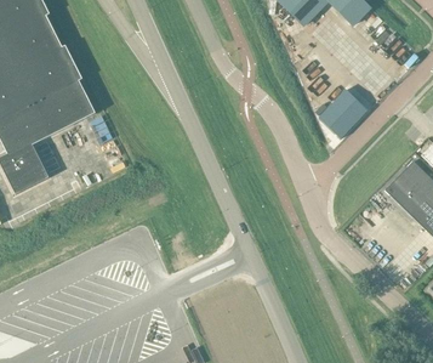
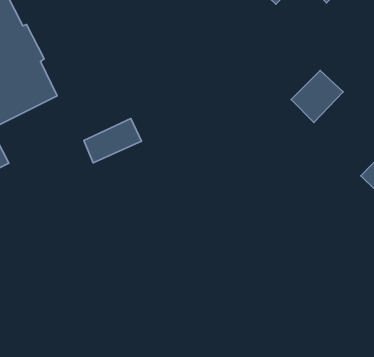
building: none -> [84,119,141,163]

